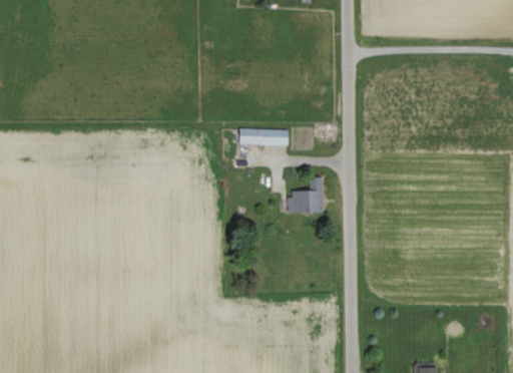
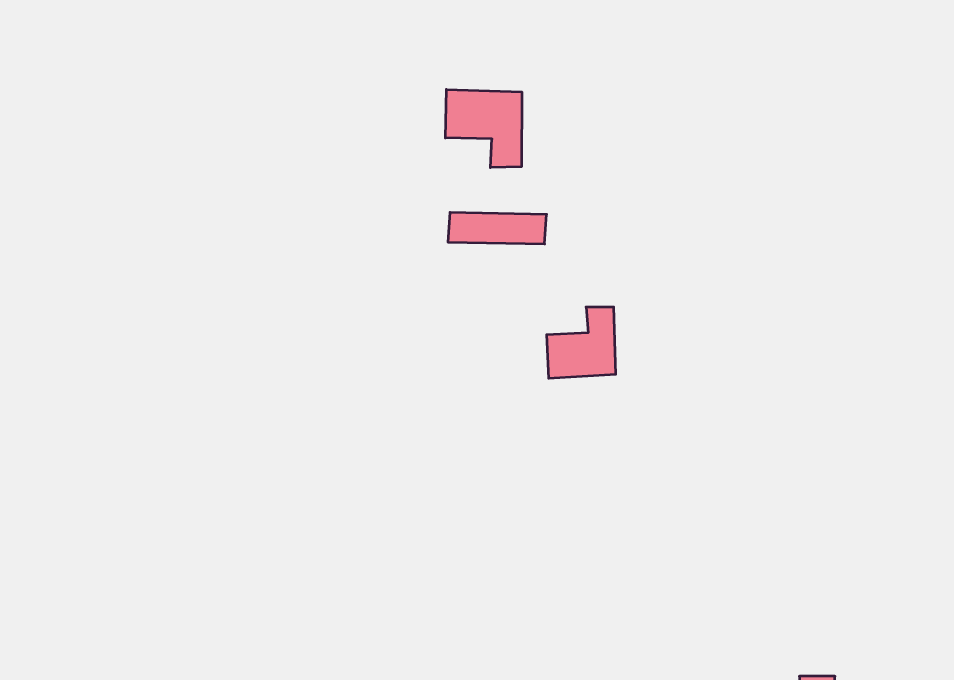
building: none -> [445,89,522,168]

